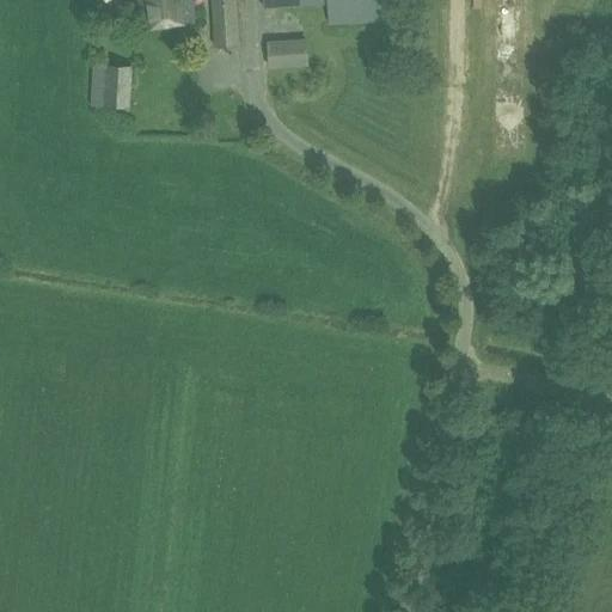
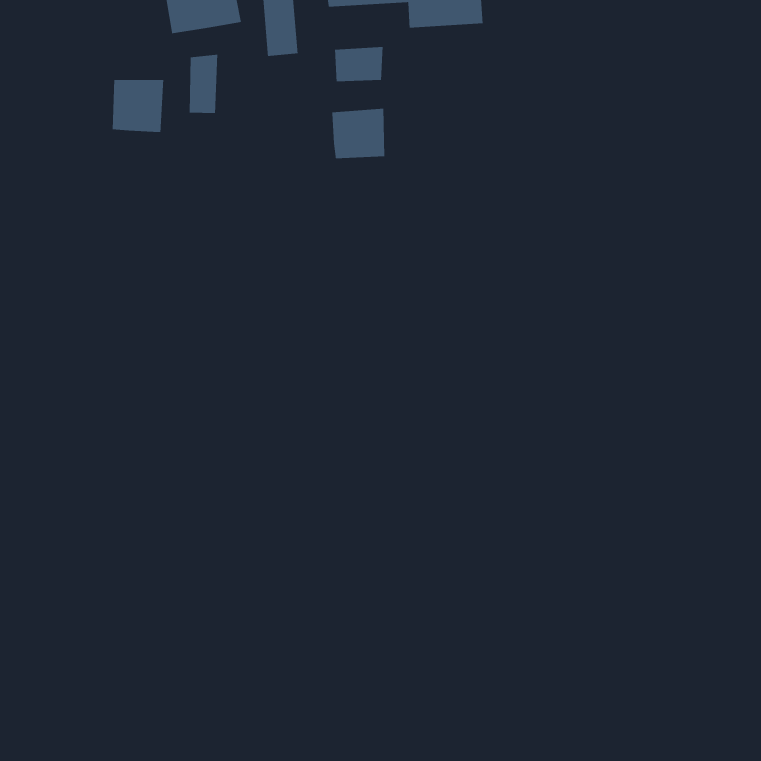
building: none -> [189,54,218,114]
building: none -> [331,108,385,159]

